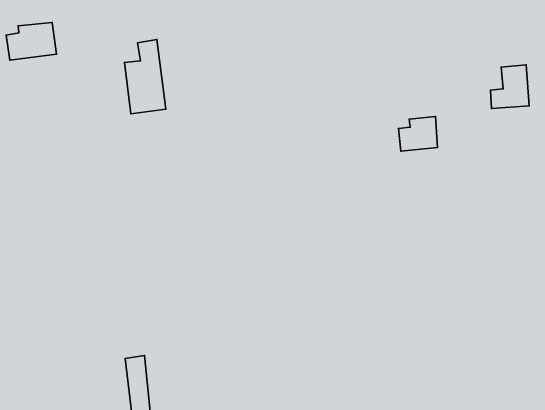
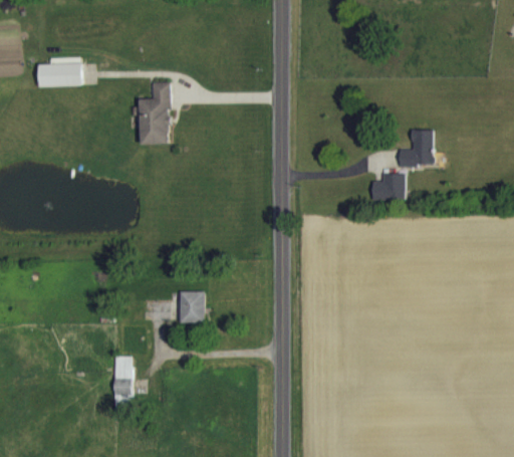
building: [491,65,529,109] -> [399,131,433,167]
building: none -> [180,292,204,323]

